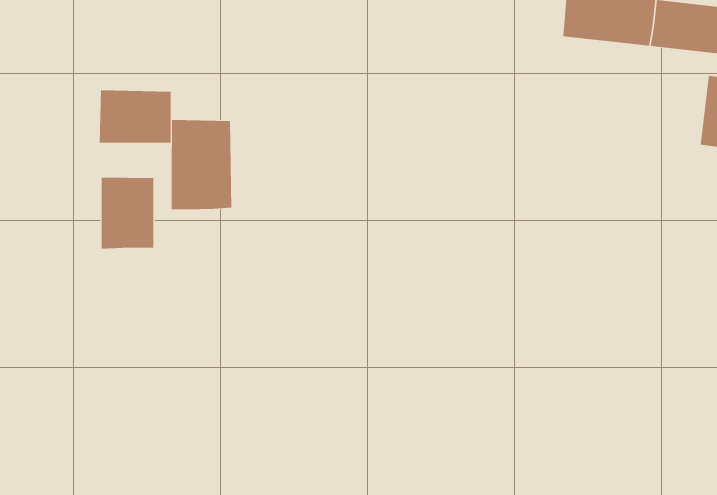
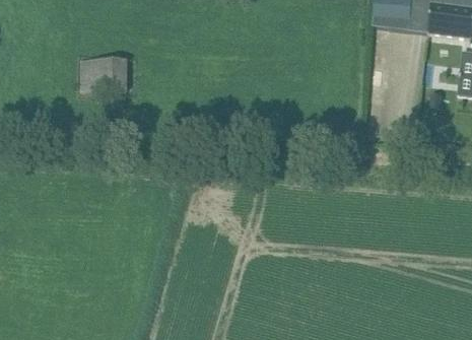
building: [171,119,232,210] -> none
building: [101,177,154,249] -> none

